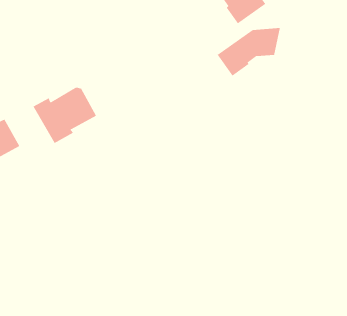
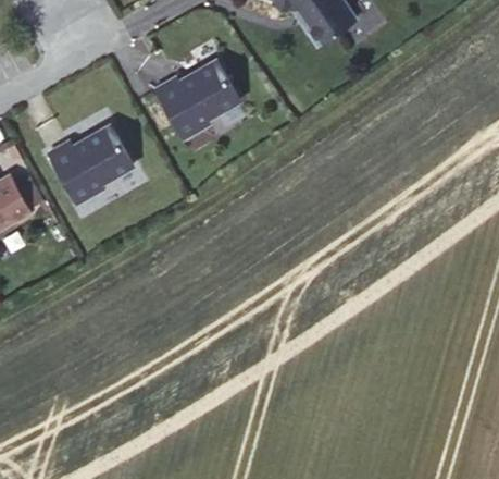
building: [217,27,280,76] -> none
building: none -> [157,61,241,139]

